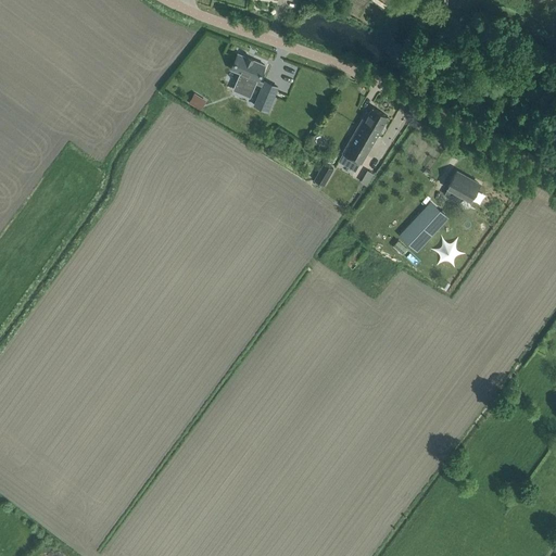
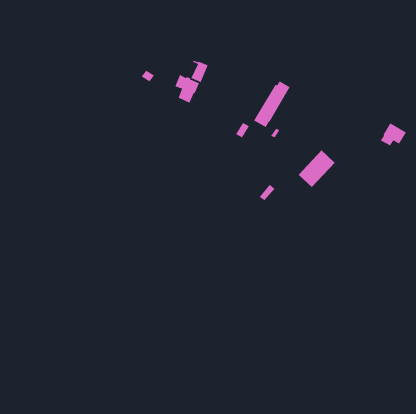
building: [231,55,265,94] -> [175,74,200,103]
building: [444,173,480,204] -> [380,123,407,146]

